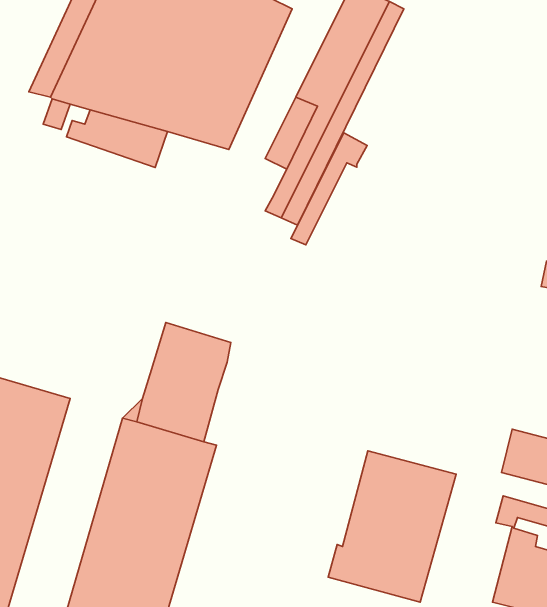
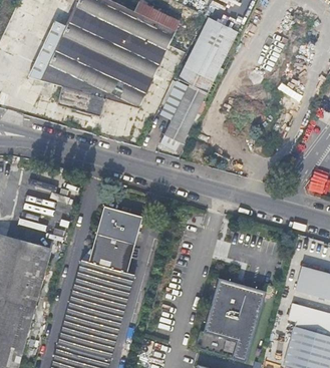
building: [291,133,367,245] -> none

